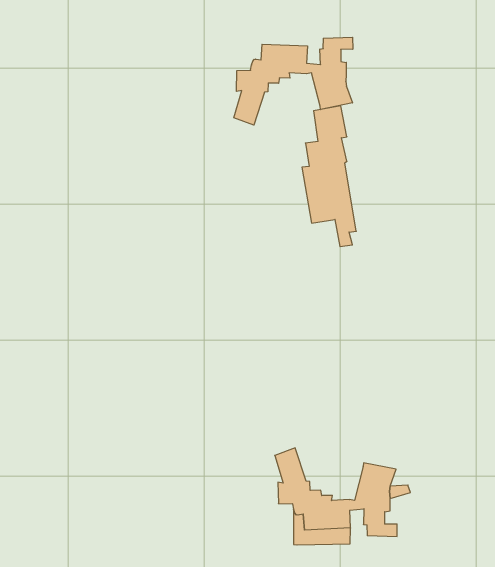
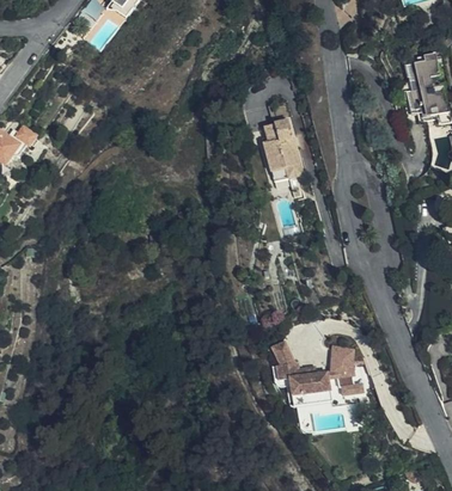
building: [234,37,353,125] -> none

